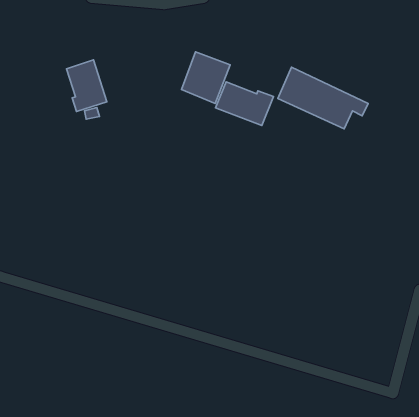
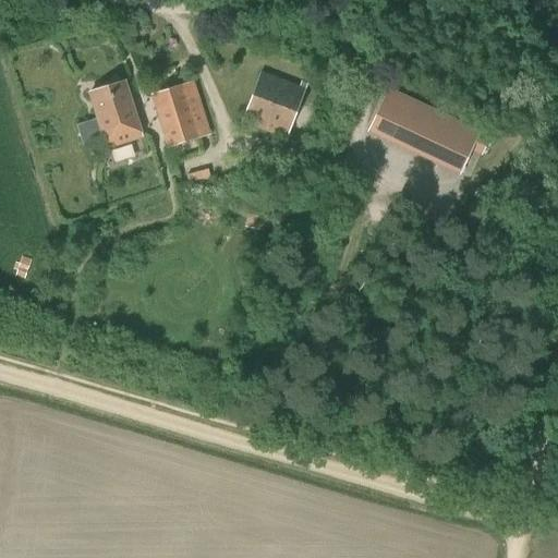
building: none -> [150,78,211,146]
building: [216,82,273,126] -> none

